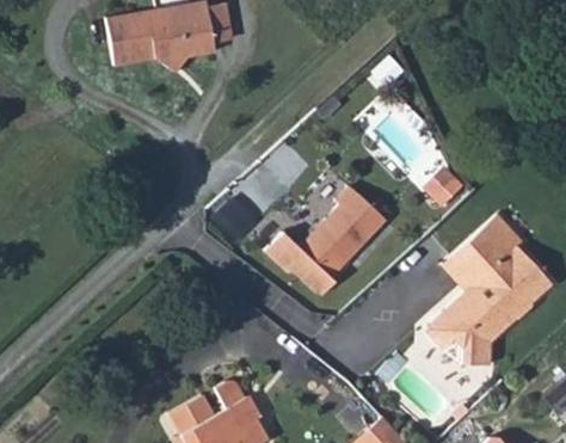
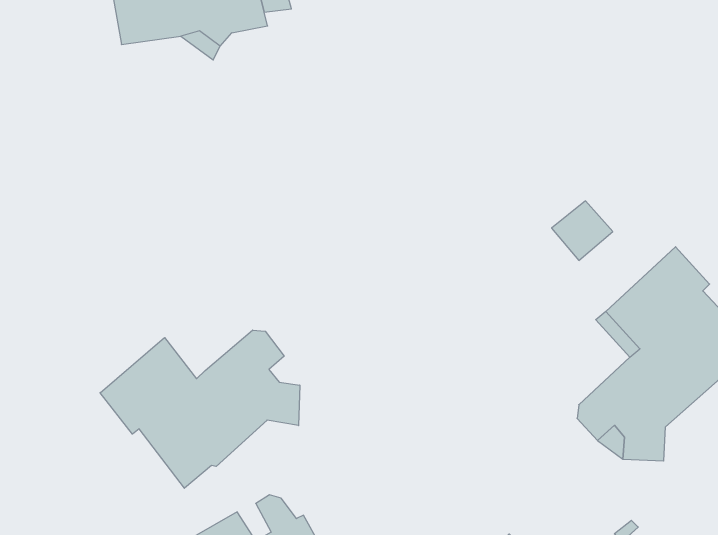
building: [263,190,380,304] -> none
building: none -> [100,330,300,488]

